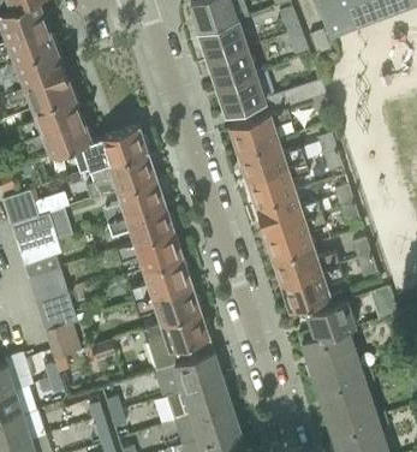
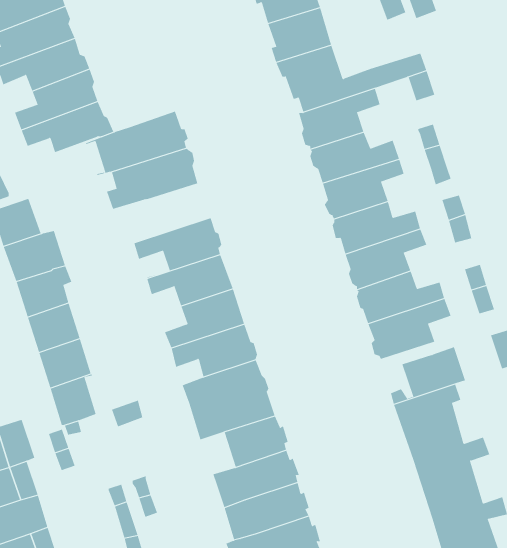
building: [102,178,165,222] -> none

